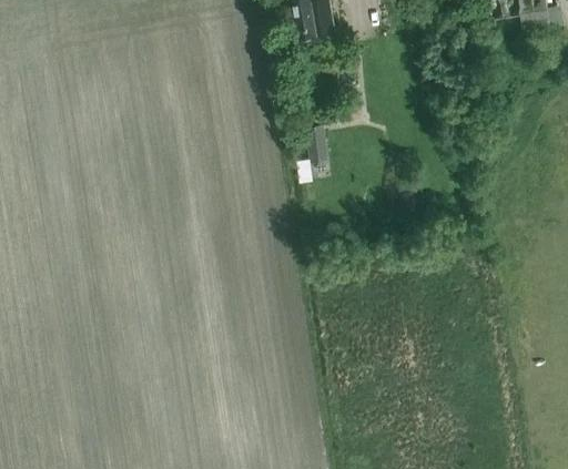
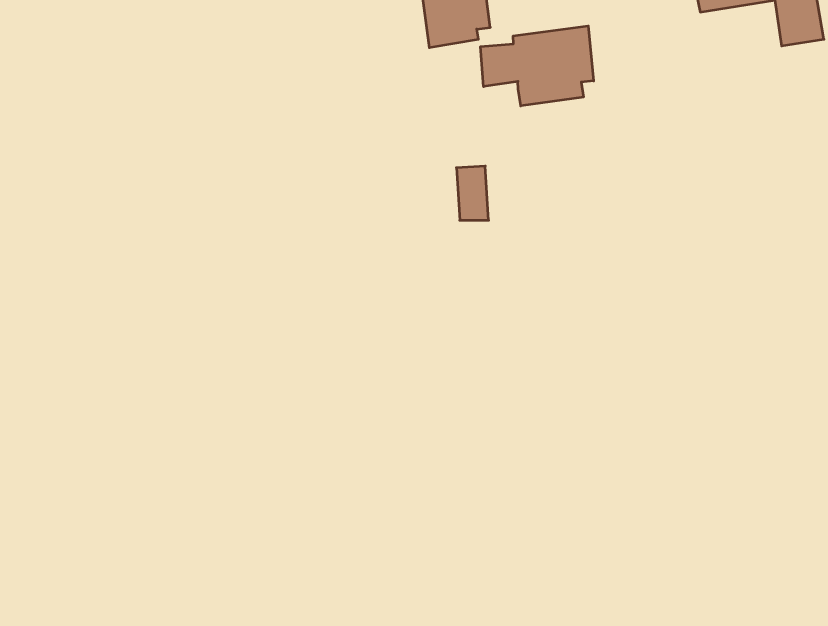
building: none -> [481,26,594,106]

